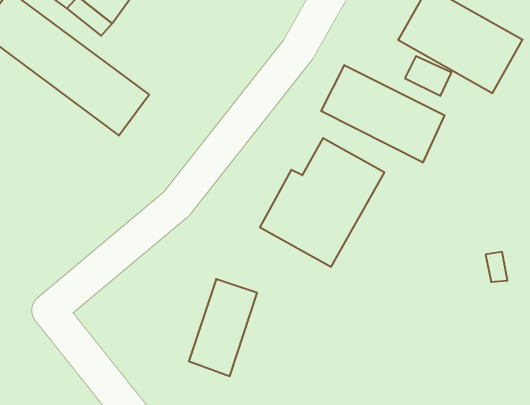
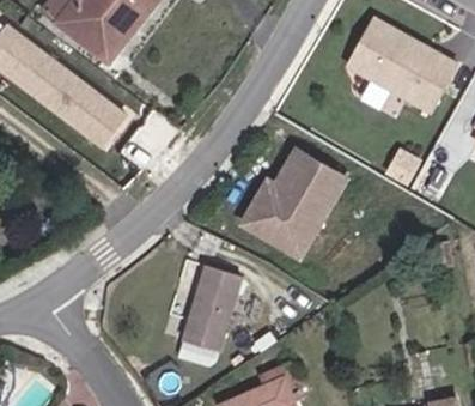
building: [321,65,445,163] -> none

